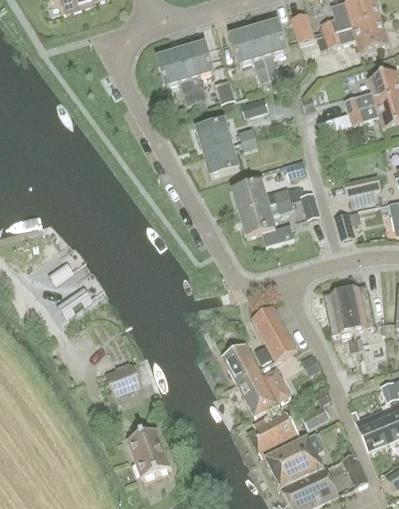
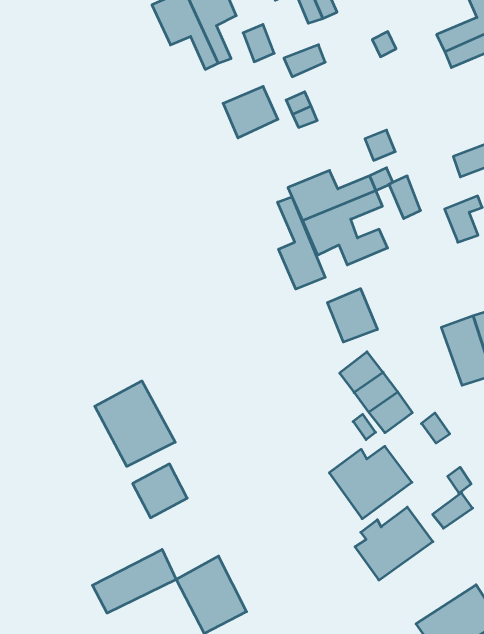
building: [203,143,238,175] -> none
building: none -> [278,197,325,289]
building: none -> [327,289,377,342]
building: none -> [95,381,175,466]
building: [222,343,259,381] -> none
building: none -> [92,549,176,613]
building: [265,432,323,487] -> none

